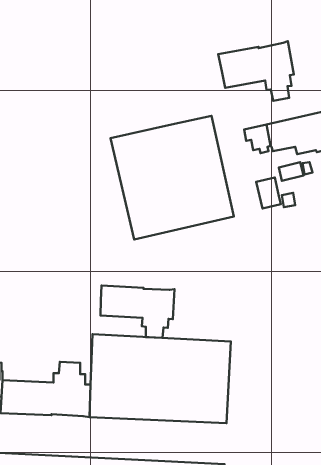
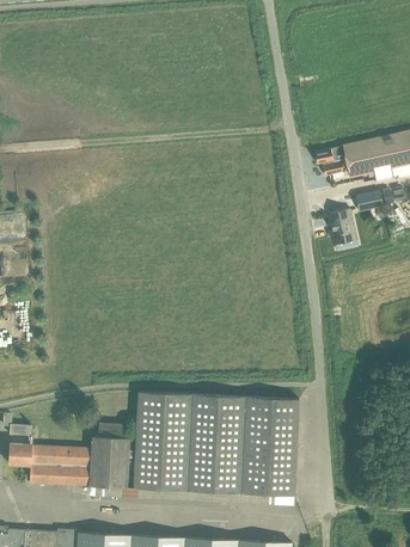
building: [218,41,294,101] -> none
building: [111,116,234,240] -> none
building: [100,286,175,338] -> none

